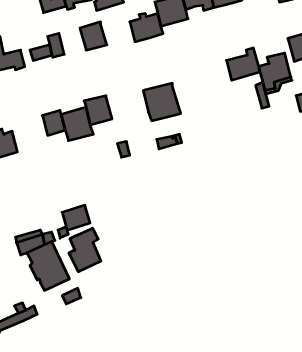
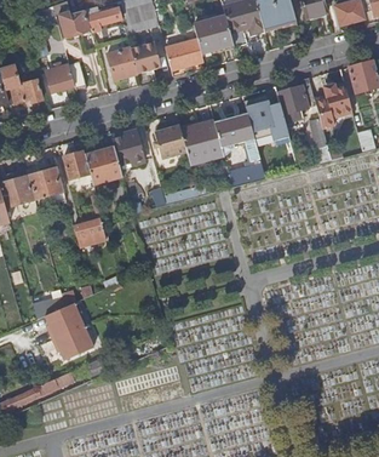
building: none -> [131,42,161,74]
building: none -> [254,102,286,130]
building: none -> [214,114,264,187]
building: none -> [156,127,186,160]
building: none -> [28,166,65,200]
building: [62,205,90,230] -> [74,218,107,247]
building: [69,228,101,272] -> none

